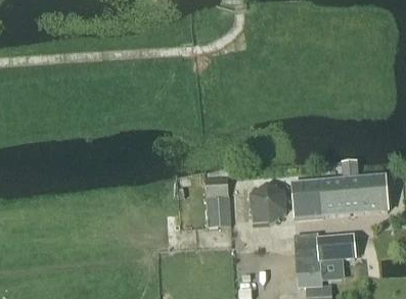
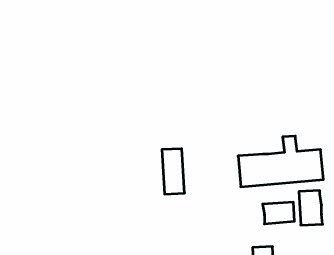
building: [251,182,288,223] -> none
building: [296,233,322,271] -> [299,191,323,225]

